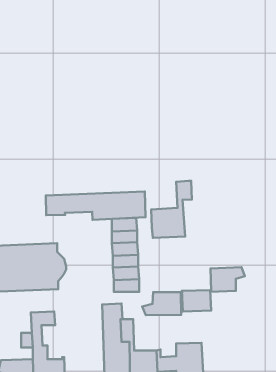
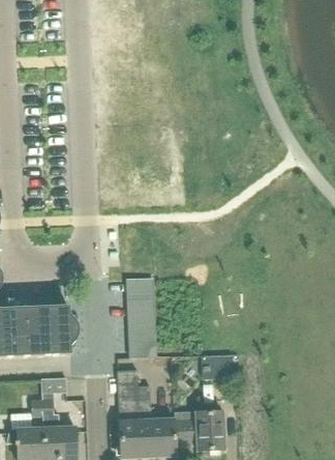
building: [151,181,192,238] -> none
building: [46,192,146,220] -> none
building: [210,267,245,292] -> none
building: [142,292,182,315] -> none

